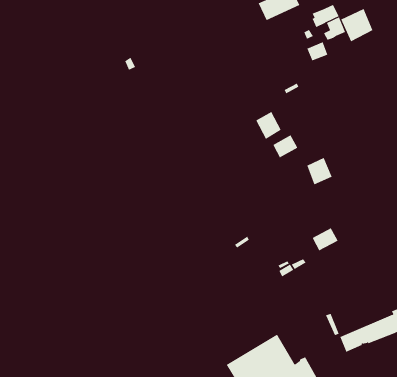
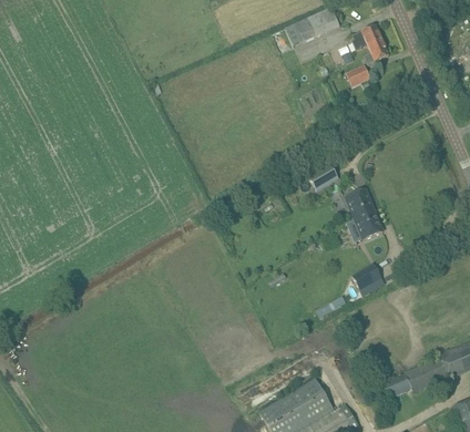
building: [341,8,373,42] -> none
building: [255,111,281,140] -> none
building: none -> [346,210,382,240]

